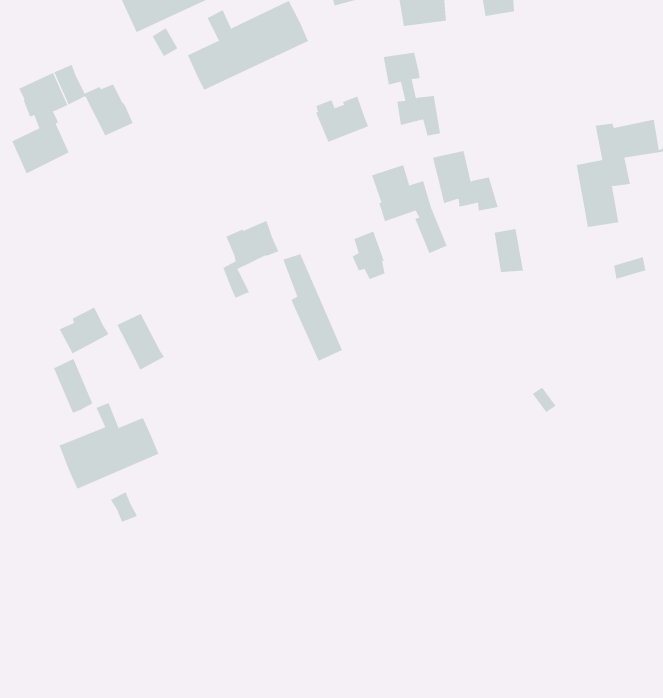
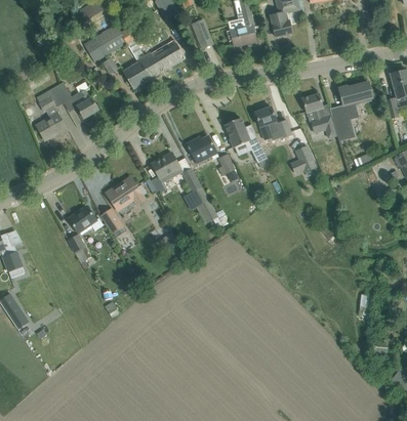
building: [383,52,441,136] -> [301,93,335,136]
building: [315,96,369,142] -> [187,135,215,161]
building: none -> [107,173,146,209]
building: [59,402,159,489] -> none

